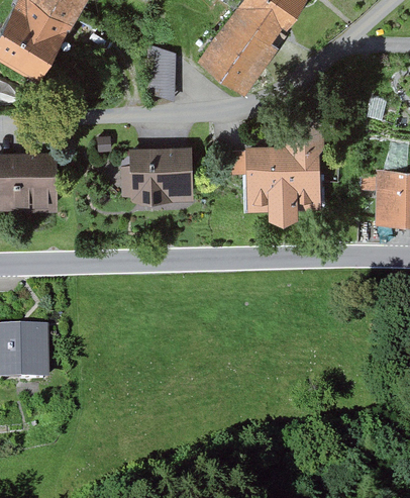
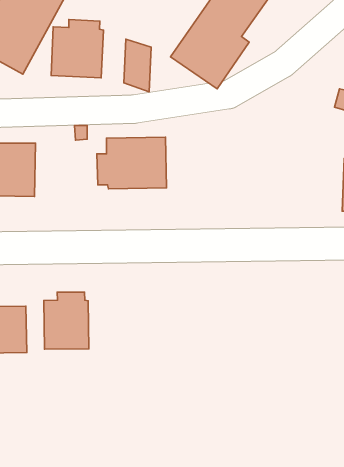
building: none -> [51,19,103,78]
building: [232,115,323,228] -> none
building: none -> [44,292,89,349]

